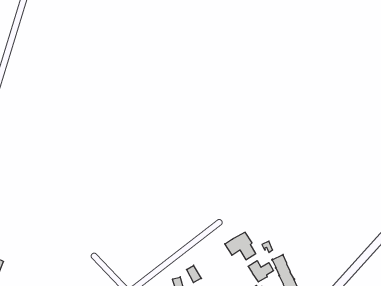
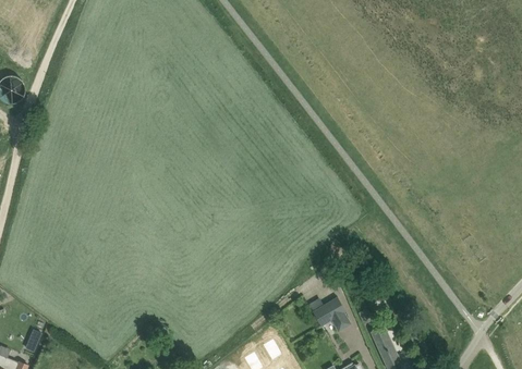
building: [248,261,274,282] -> none

